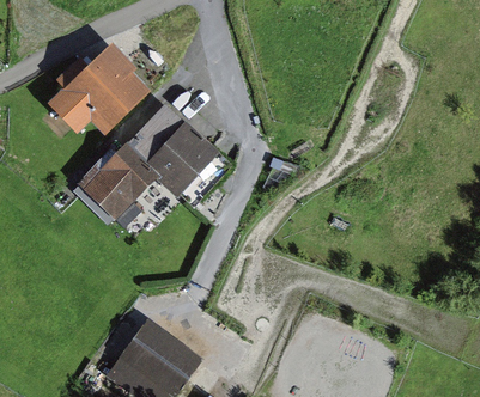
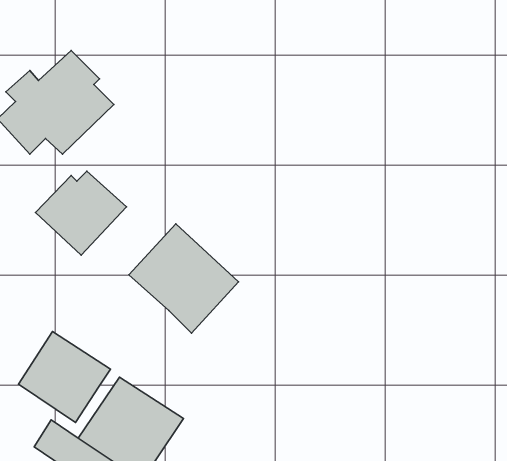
building: [122,104,214,196] -> [129,224,238,333]
building: none -> [18,332,110,423]

